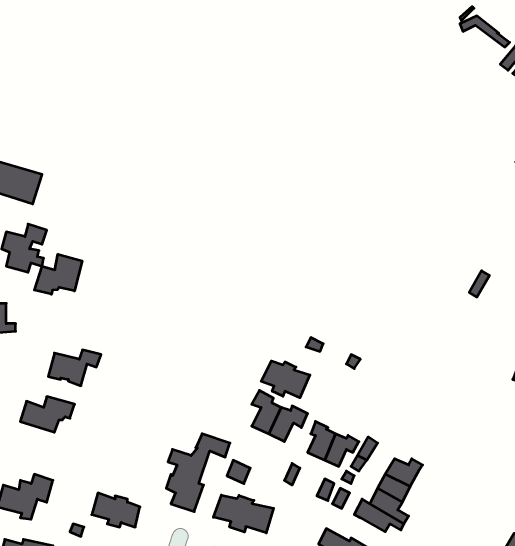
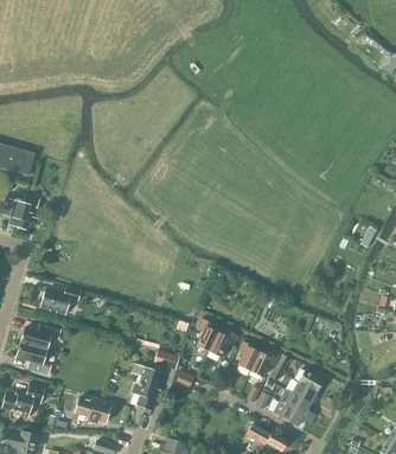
building: [34,254,82,294] -> none
building: [261,361,310,398] -> none
building: none -> [13,341,49,375]
building: [213,495,274,533] -> none

